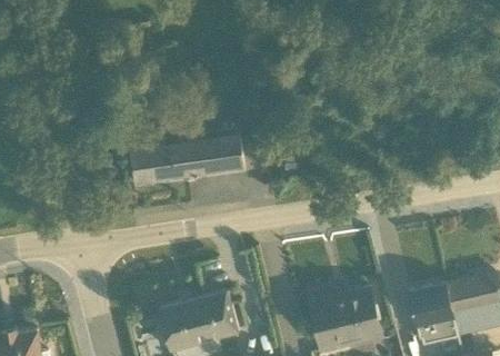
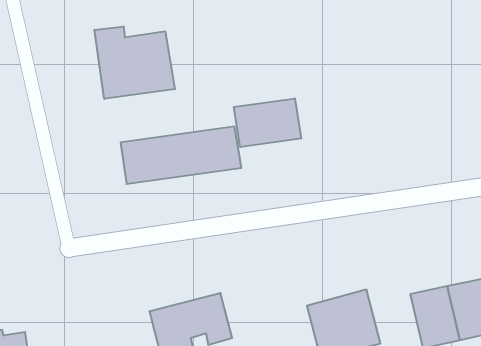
building: none -> [95,26,175,99]
building: none -> [234,98,301,147]

